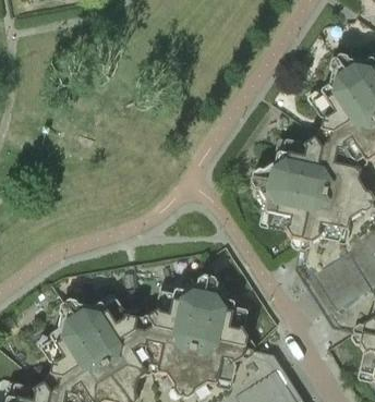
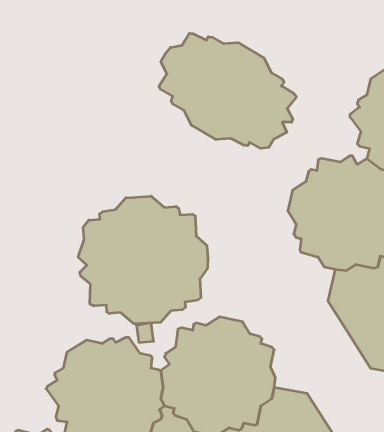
building: none -> [159,33,296,148]
building: none -> [78,196,208,324]

